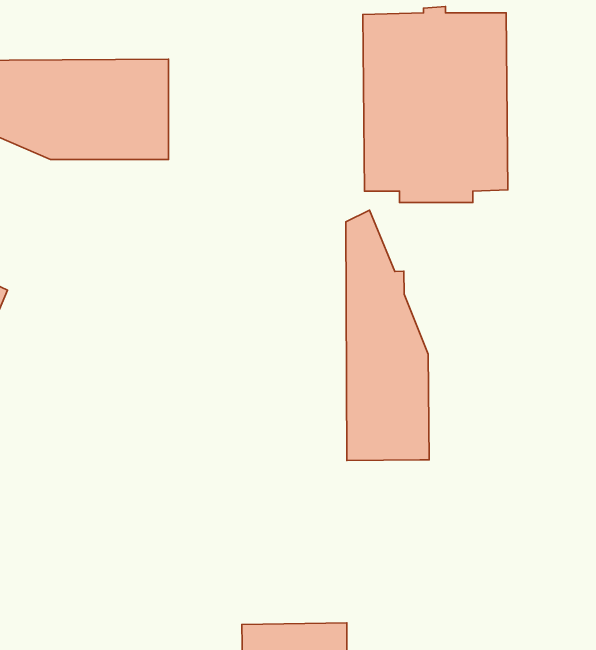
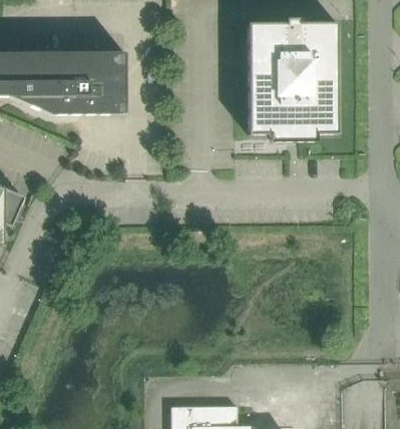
building: [346,210,429,461] -> none

